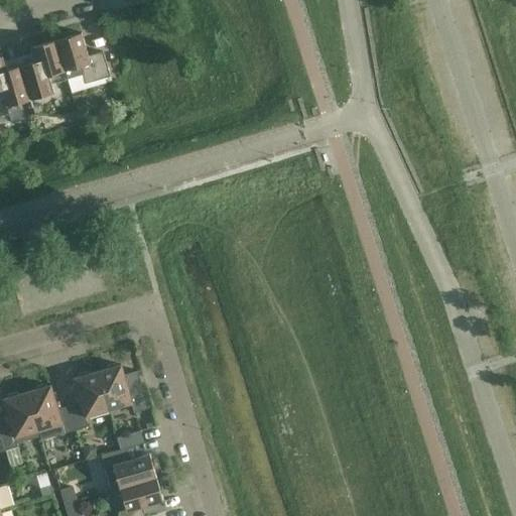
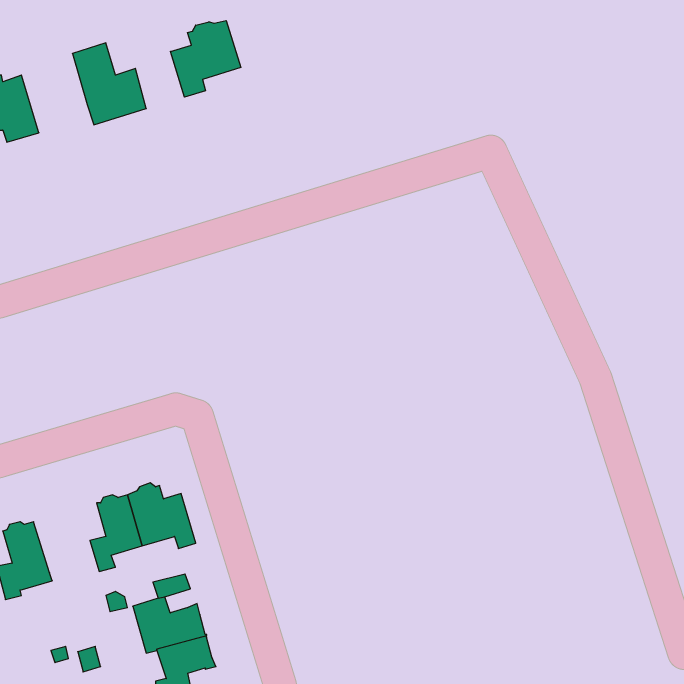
building: none -> [170,21,241,97]
building: [16,41,66,101] -> none
building: [25,385,75,434] -> none

